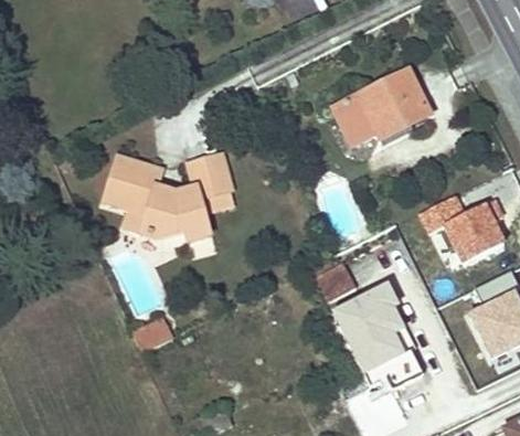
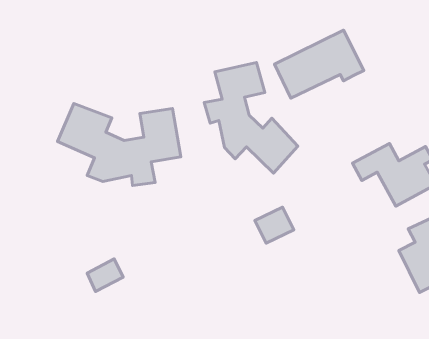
building: none -> [204,62,298,173]
building: [332,287,421,391] -> none

